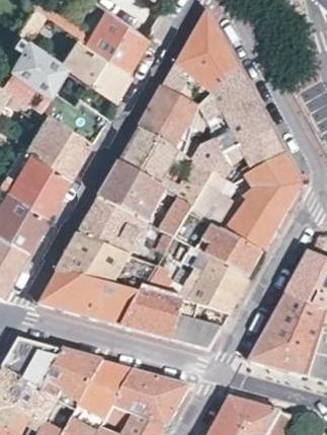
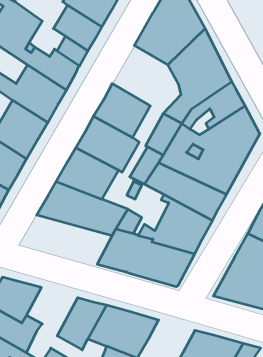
building: [140,86,200,150] -> none
building: [40,271,140,324] -> none
building: [47,350,102,409] -> none

